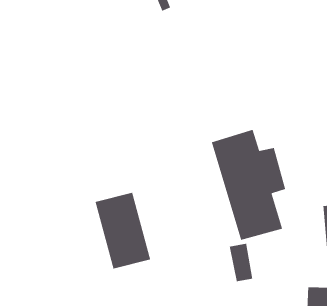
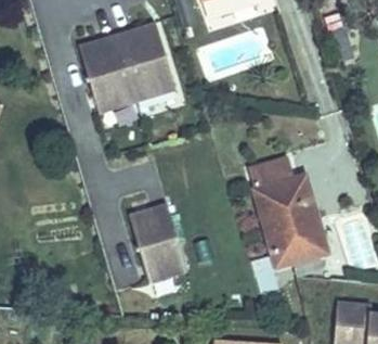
building: none -> [77,23,172,113]

